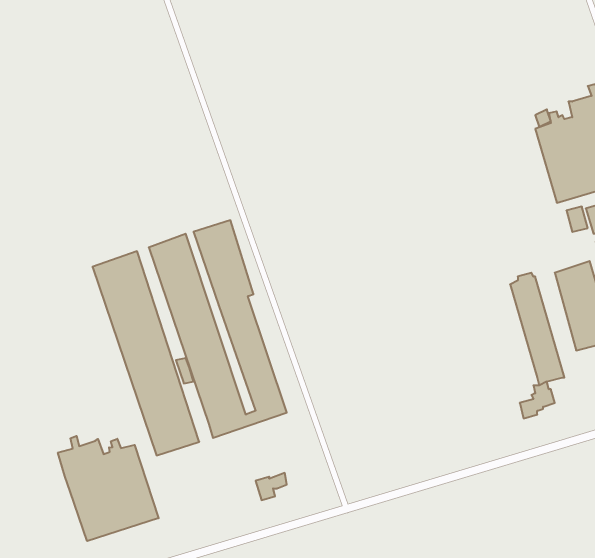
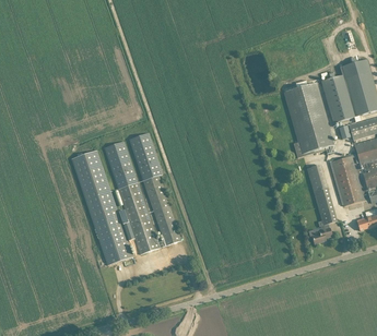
building: none -> [282,79,333,157]
building: [58,436,159,541] -> none

